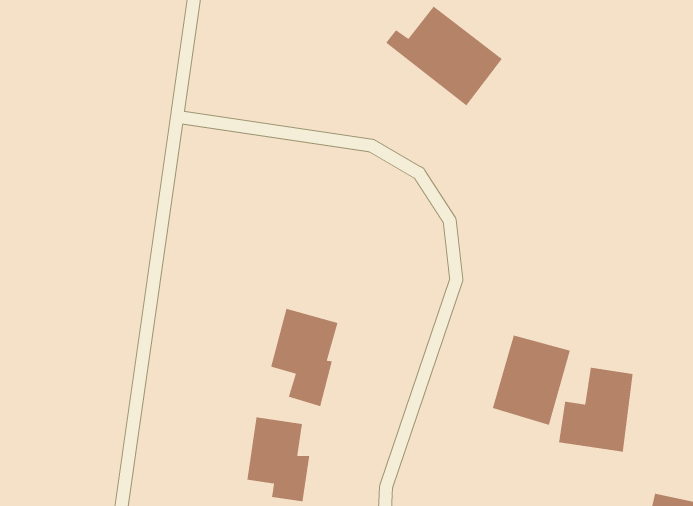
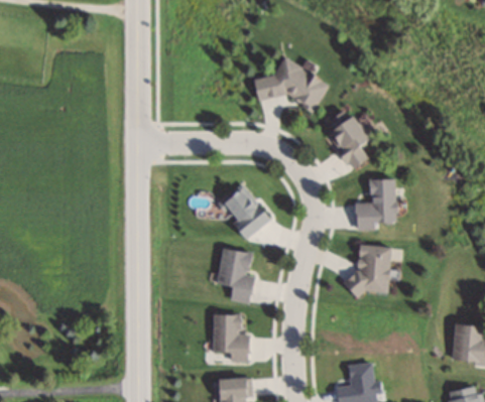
building: none -> [324,111,368,168]
building: none -> [220,183,271,238]
building: [558,367,634,453] -> [356,179,395,227]

